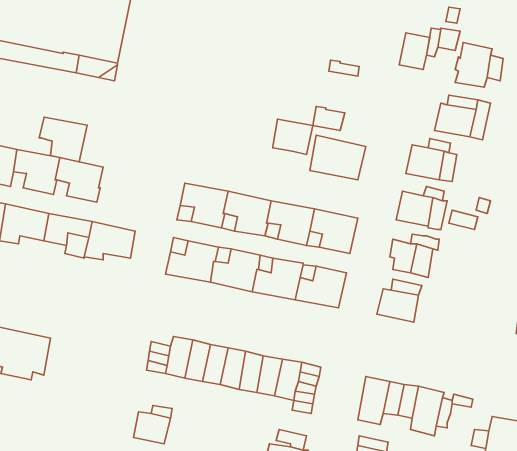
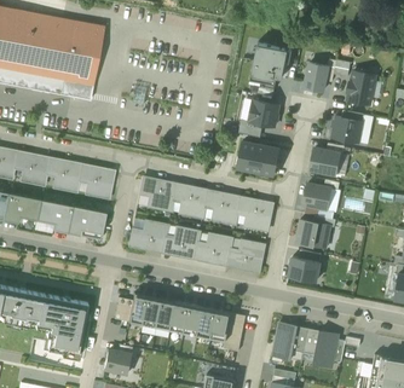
building: none -> [250,44,292,83]
building: [39,117,87,162] -> [77,164,114,198]
building: [273,119,313,154] -> [249,99,279,126]
building: none -> [36,294,87,351]

